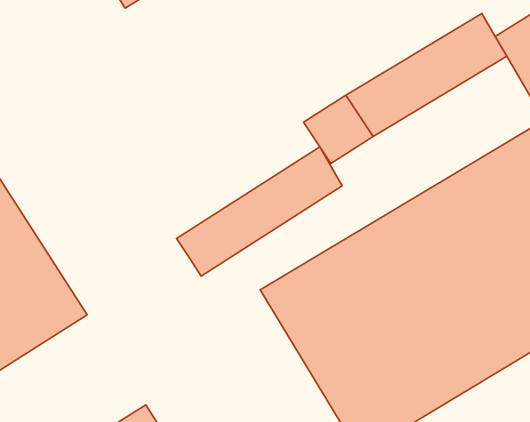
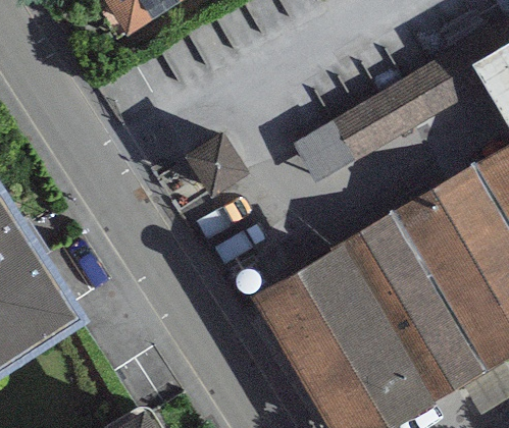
building: [176,147,342,276] -> none

